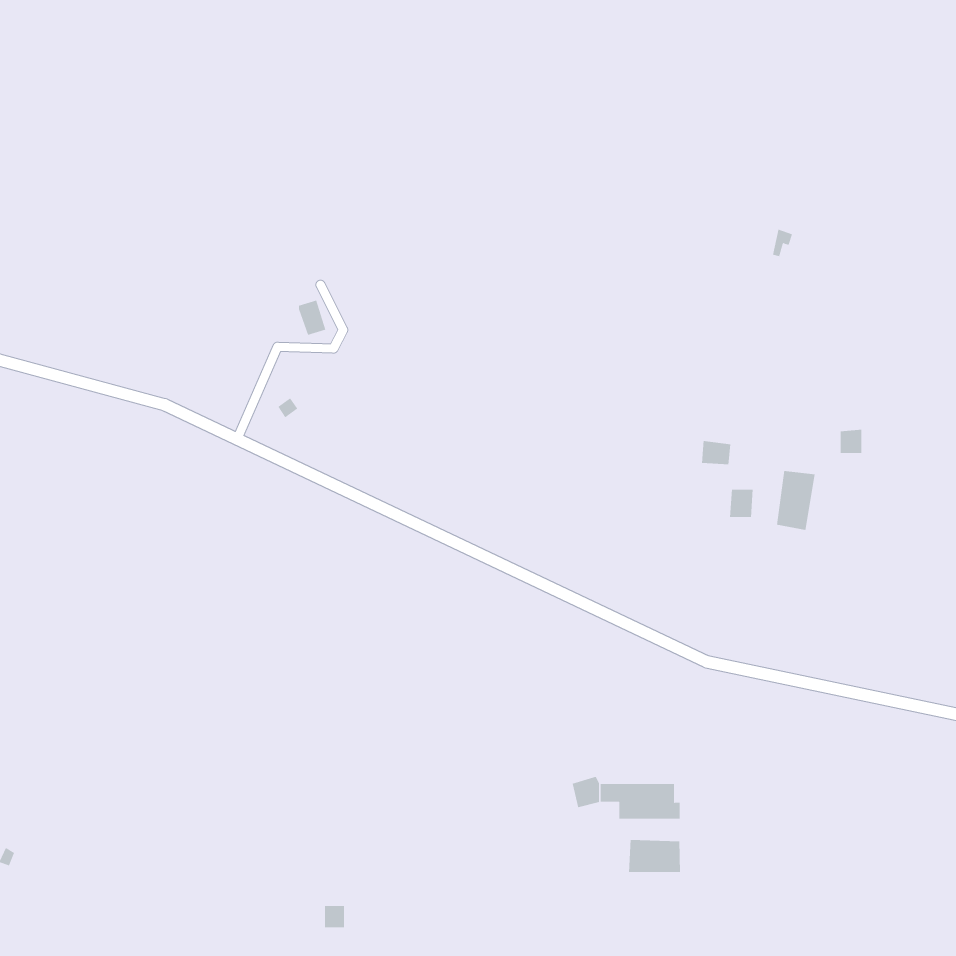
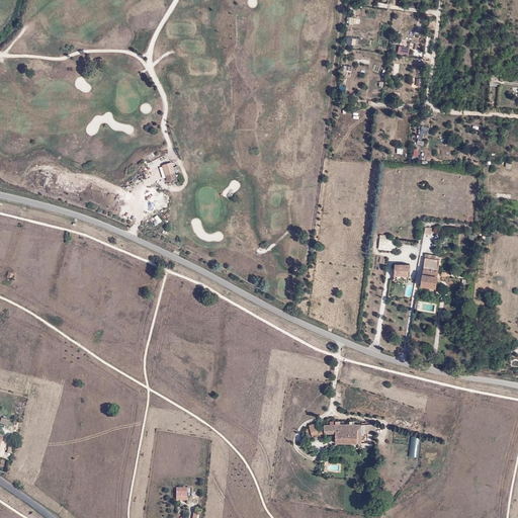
building: [629,839,681,873] -> none

